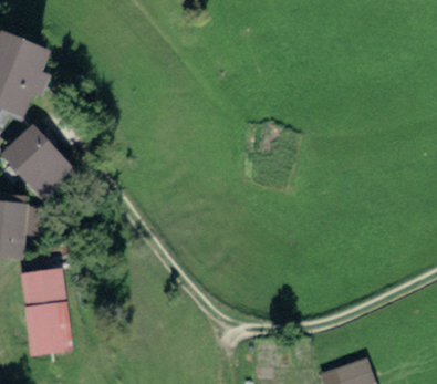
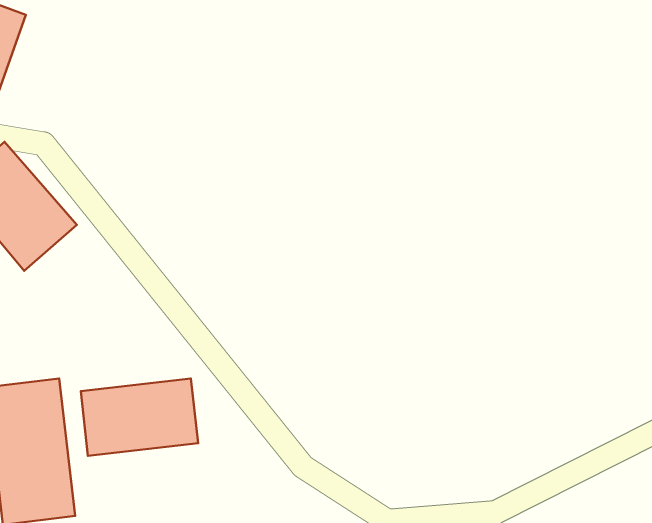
building: none -> [81,379,198,456]

